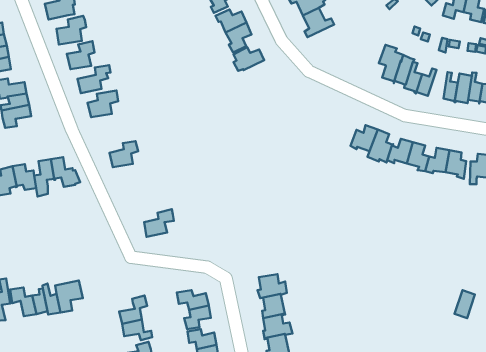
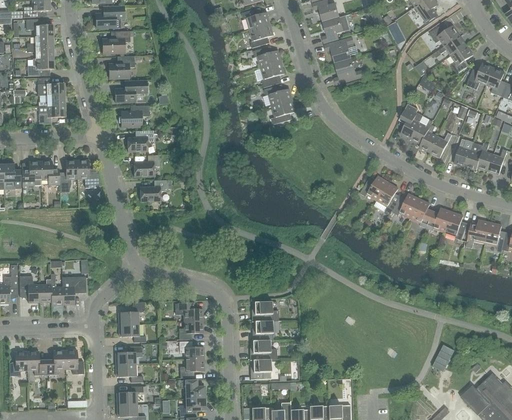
building: none -> [271,99,296,124]
building: none -> [127,130,153,151]
building: [144,209,174,237] -> [140,179,168,201]

